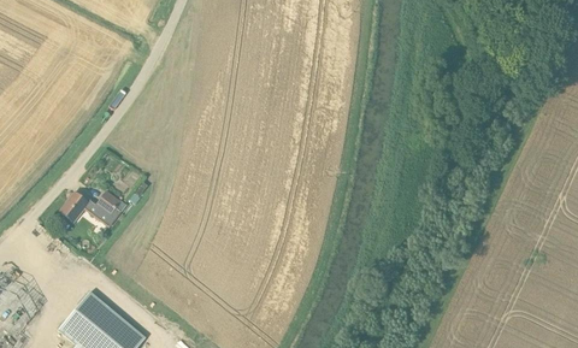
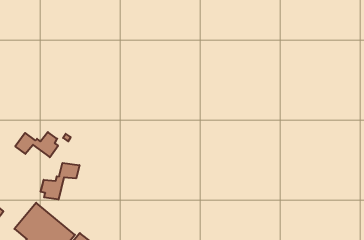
building: none -> [41,163,79,200]

